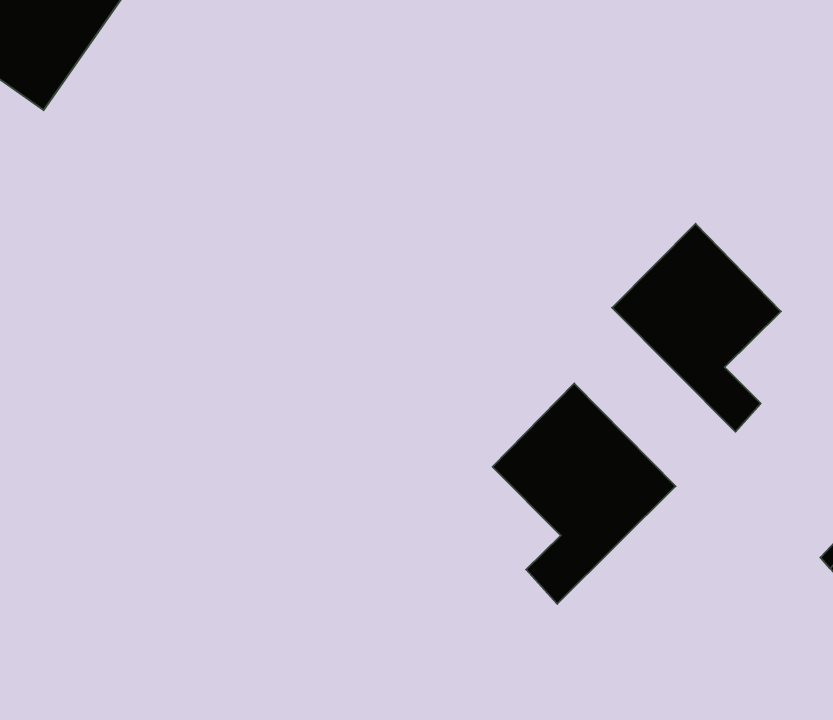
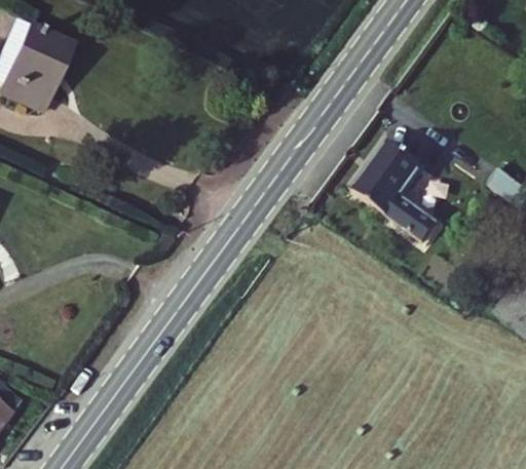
building: [493,383,676,604] -> none

